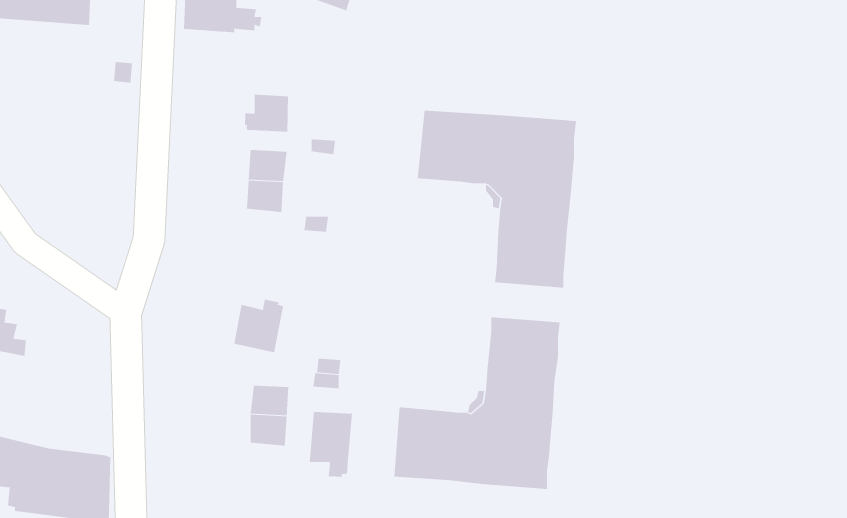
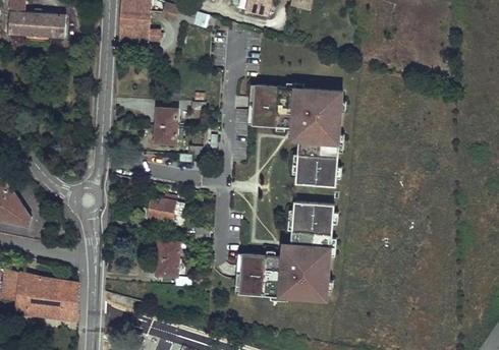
building: [244,94,289,133] -> none
building: [309,411,352,478] -> none

